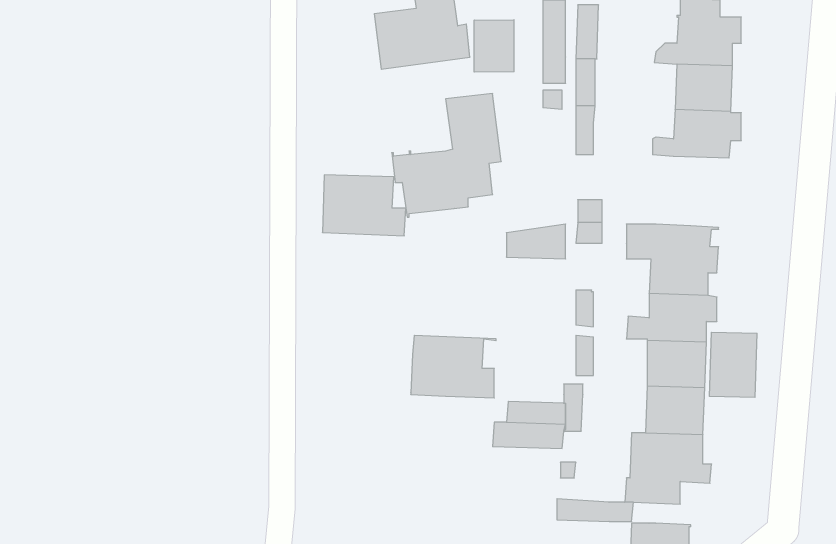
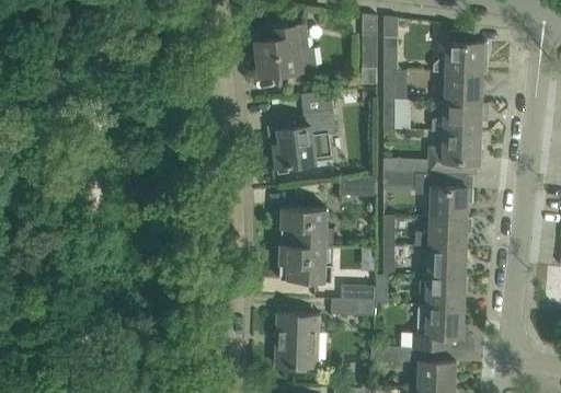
building: [474,20,514,72] -> none
building: none -> [426,131,479,175]
building: [322,175,406,236] -> [280,208,333,246]
building: [709,332,757,397] -> none
building: none -> [275,315,318,369]

